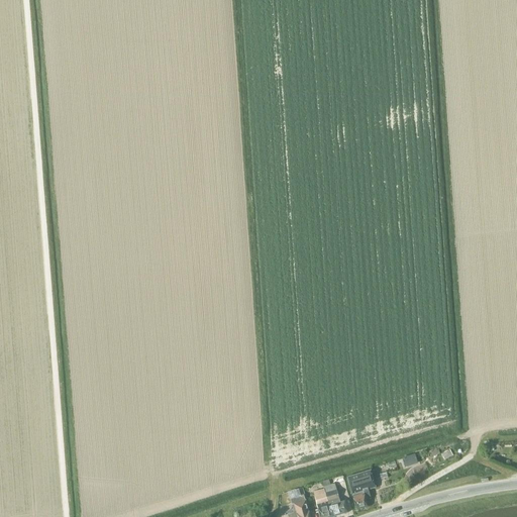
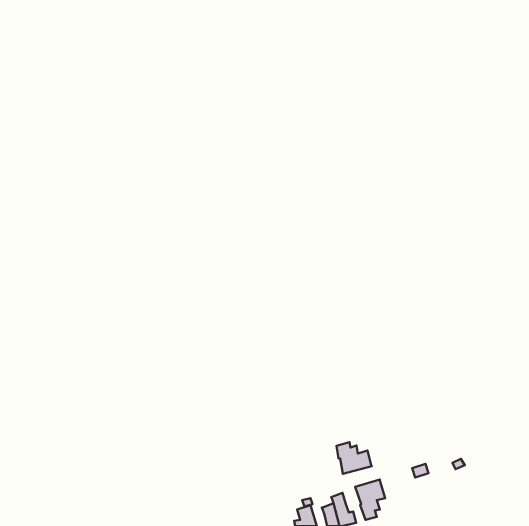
building: none -> [336,442,372,474]

